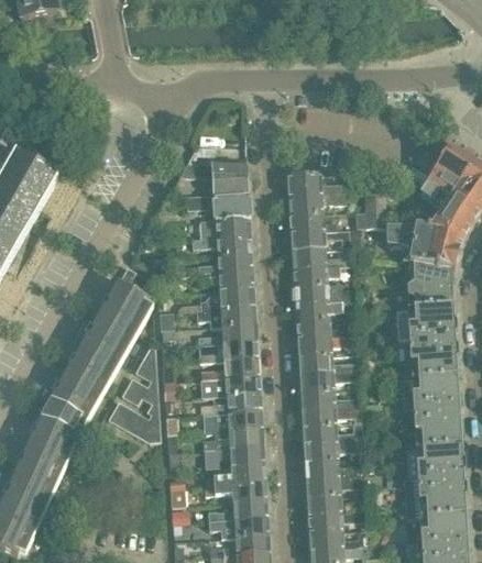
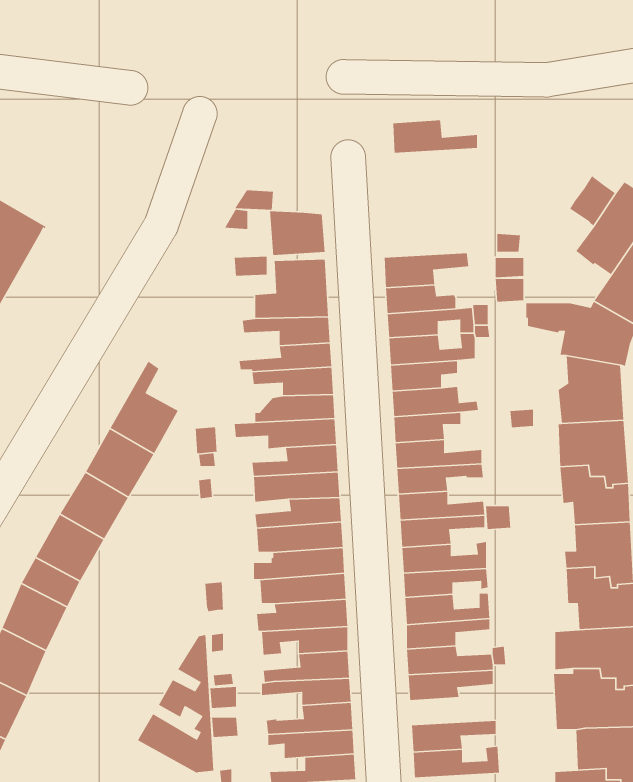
building: [287,173,346,196] -> [392,120,478,153]
building: [108,346,161,442] -> [137,634,214,774]
building: [306,494,365,515] -> none

